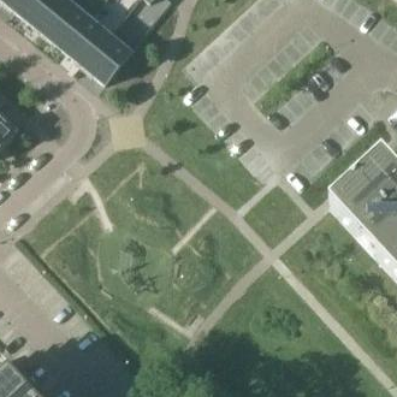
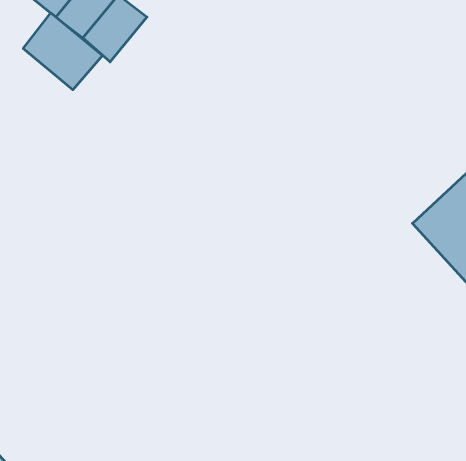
building: none -> [23,13,102,90]

